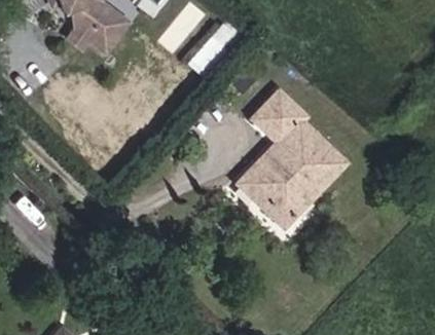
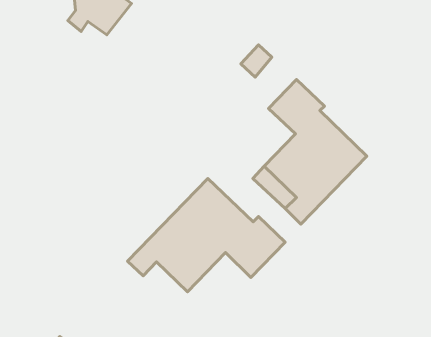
building: none -> [128,179,285,292]

